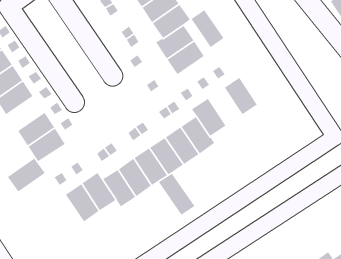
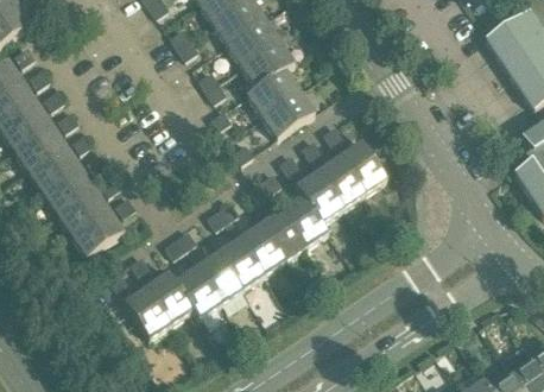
building: [190,9,224,48] -> none
building: none -> [320,154,366,207]
building: [7,158,46,192] -> [43,166,96,214]
building: [158,173,195,216] -> none

